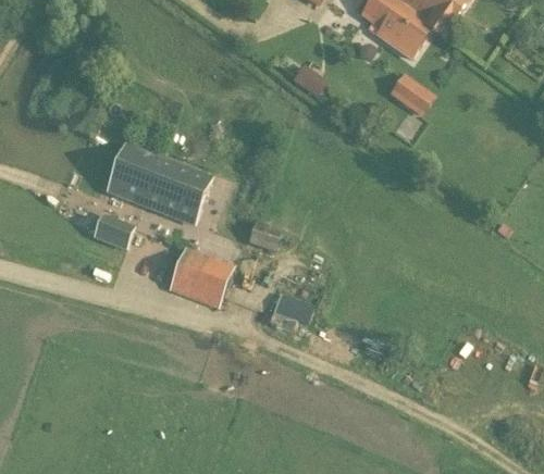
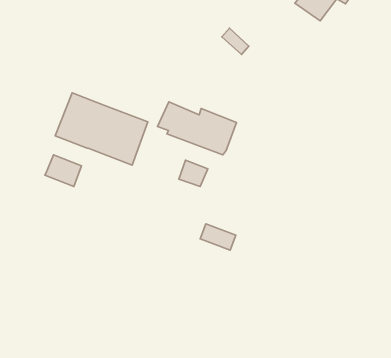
building: [390,75,433,113] -> none
building: none -> [158,102,236,155]
building: [168,246,232,308] -> none

